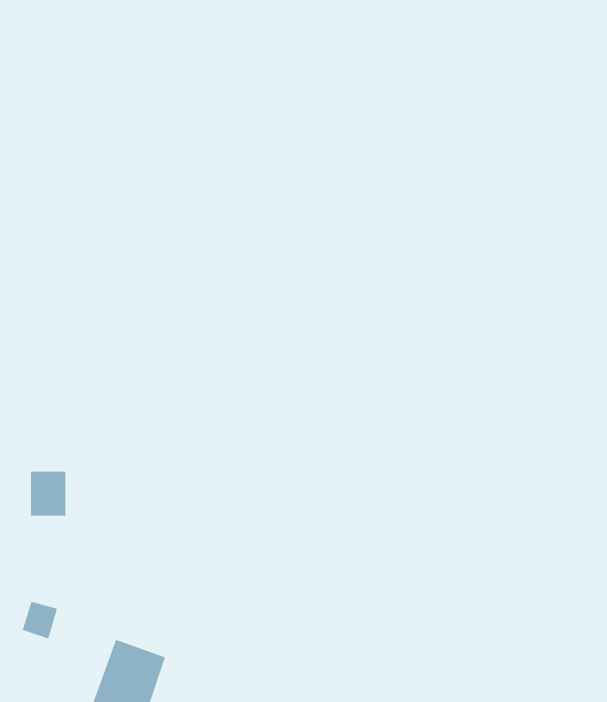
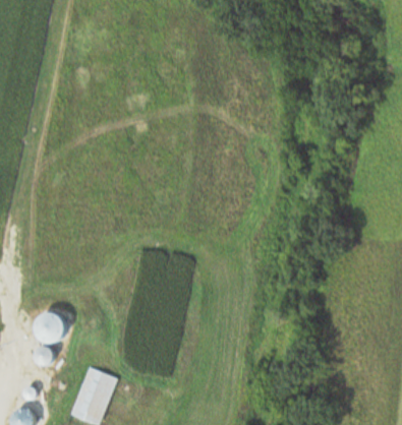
building: [30,471,66,516] -> [39,314,59,340]

